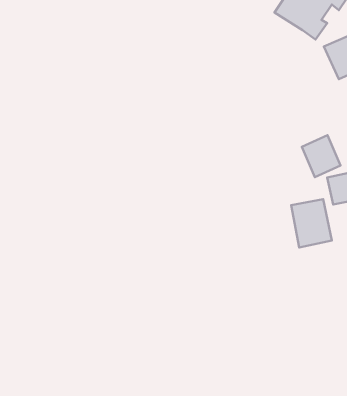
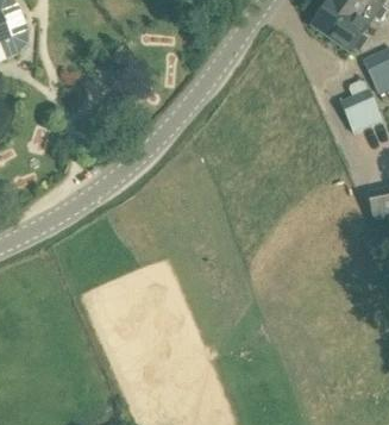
building: [302,135,340,177] -> [340,89,379,132]
building: [291,199,332,247] -> none

